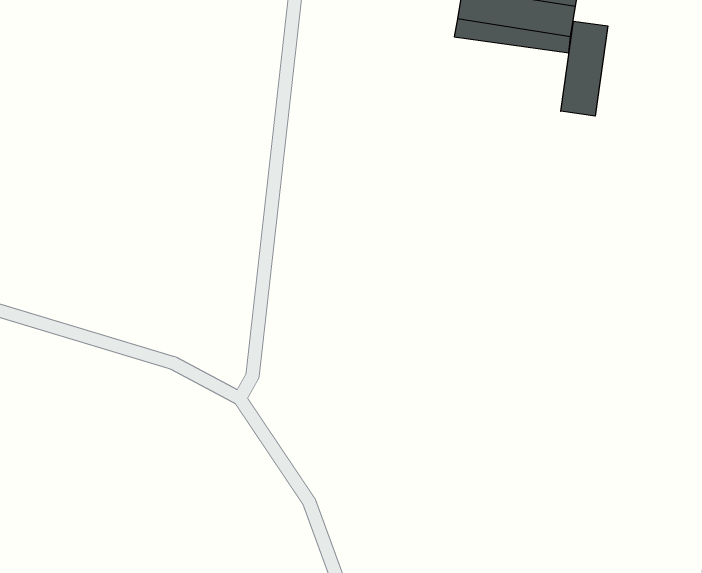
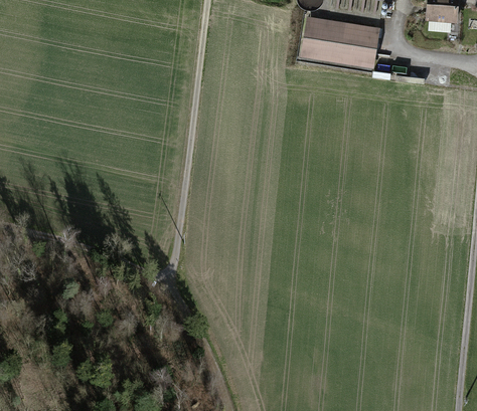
building: [561,21,608,116] -> none

